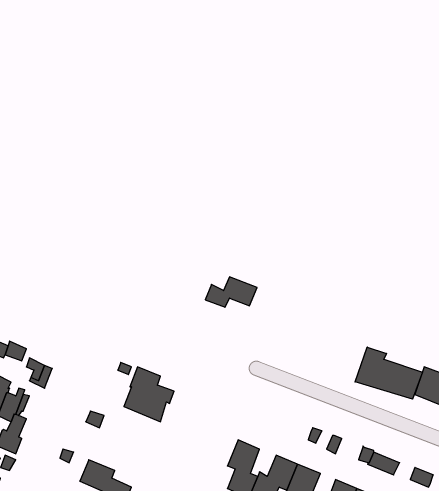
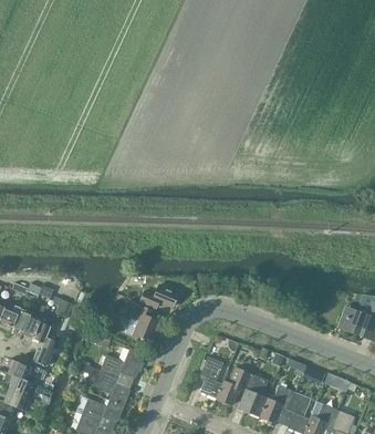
building: [205,277,257,307] -> [140,286,178,308]
building: [355,347,422,399] -> none
building: none -> [100,348,146,379]

